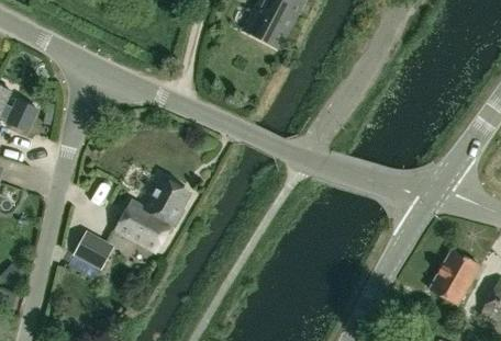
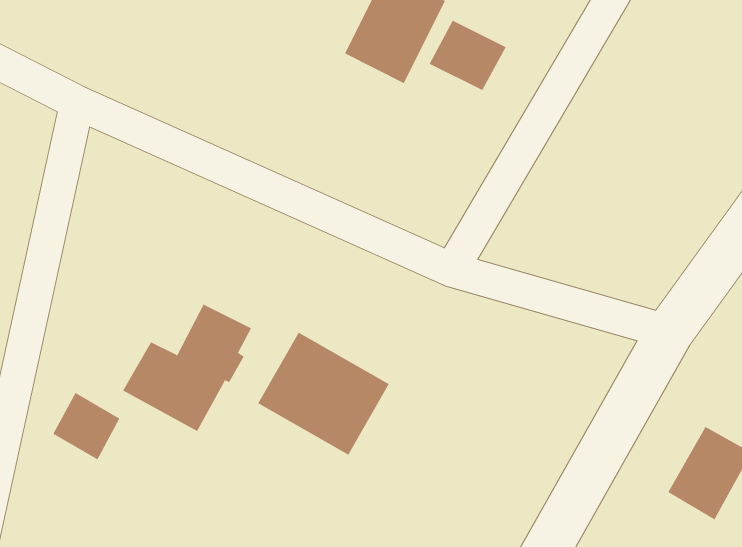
building: none -> [429,20,506,91]
building: none -> [258,332,390,455]

